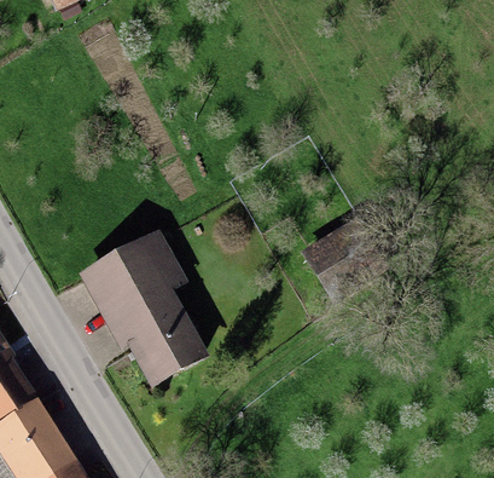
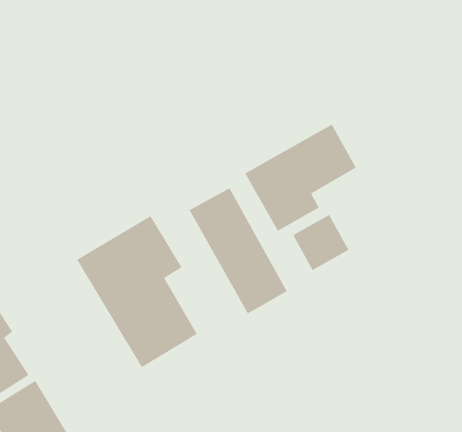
building: none -> [244,124,357,232]
building: none -> [188,187,288,315]

